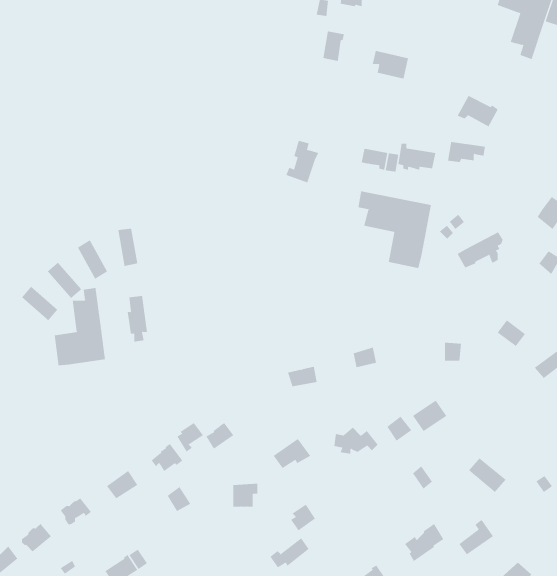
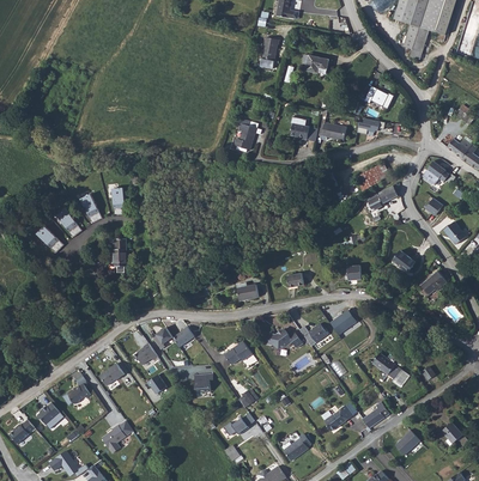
building: [358,190,431,269] -> none
building: [54,287,105,366] -> none

